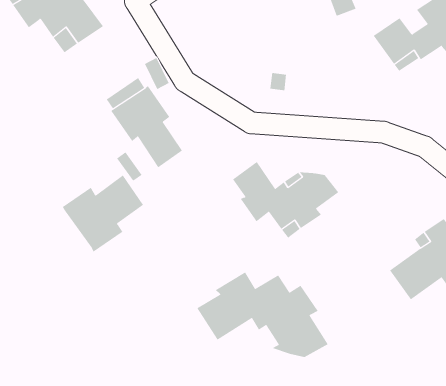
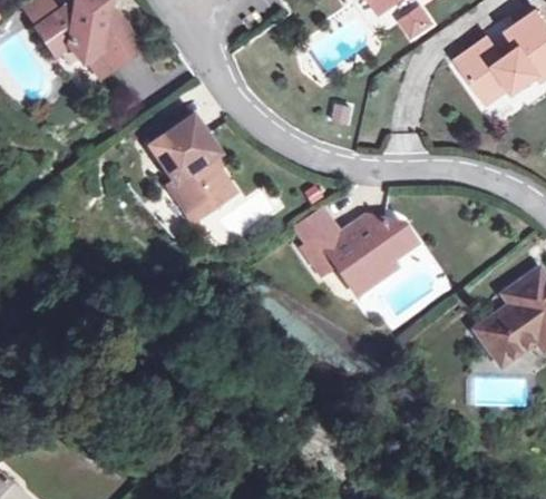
building: [62,175,144,252] -> none
building: [197,271,329,358] -> none

